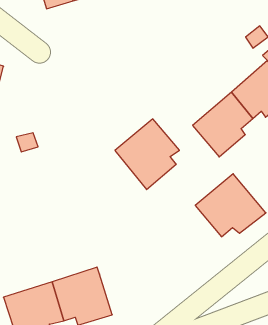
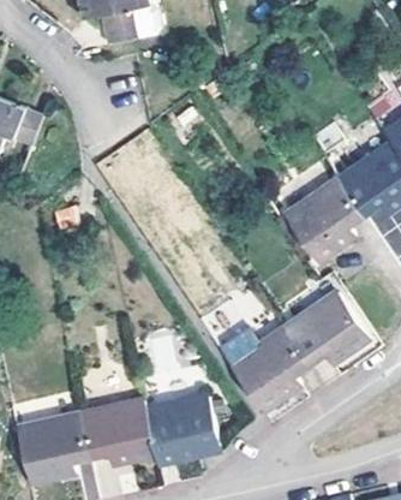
building: [115,119,179,190] -> [225,323,310,416]
building: none -> [144,389,220,466]

